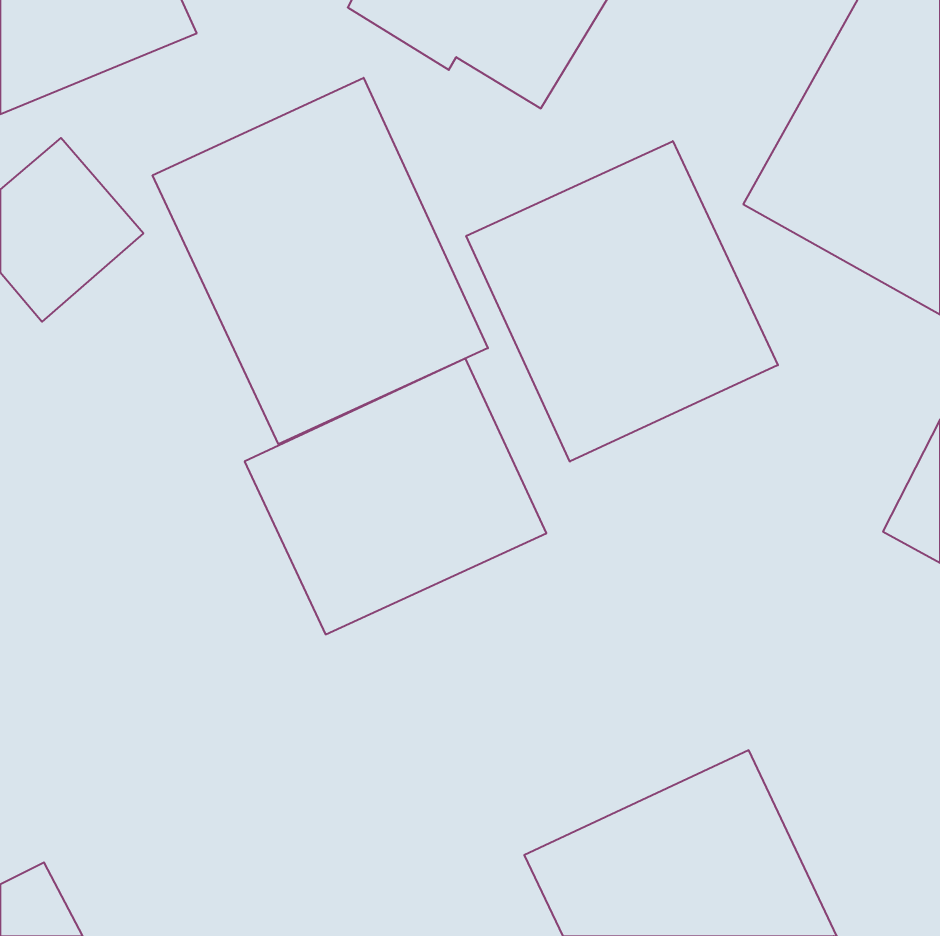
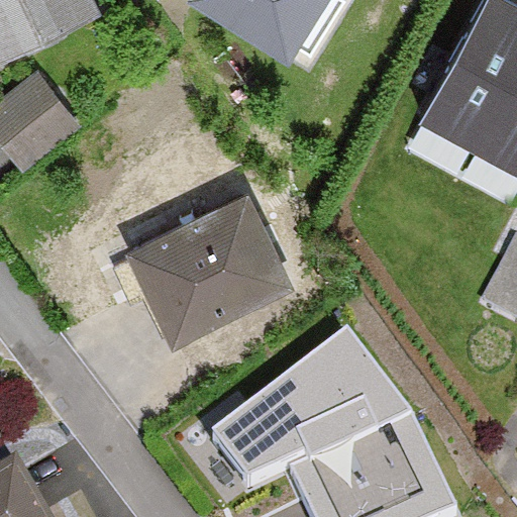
building: [153,78,488,444] -> none
building: [466,141,778,462] -> none
building: none -> [212,326,411,489]

